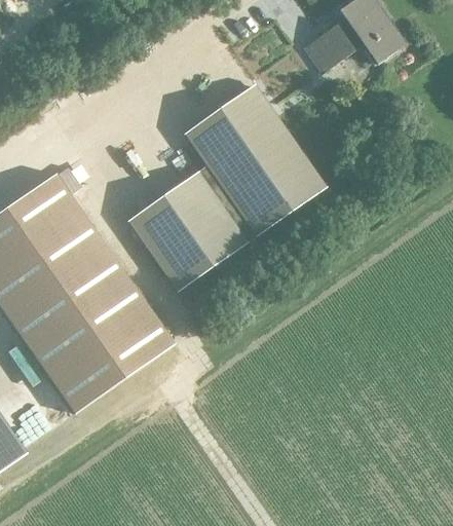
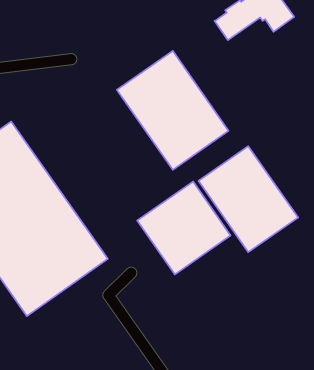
building: [129,172,244,287] -> [137,181,230,275]
building: none -> [198,146,298,252]

